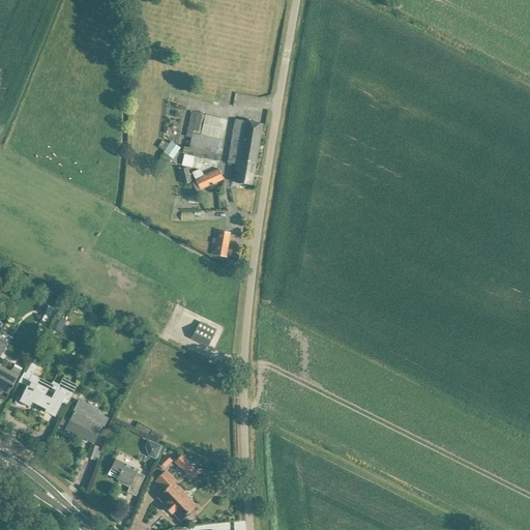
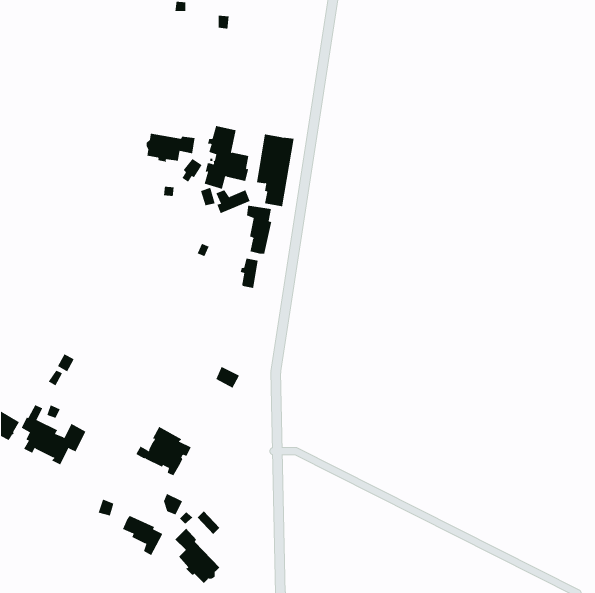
building: none -> [146,133,195,163]
building: none -> [246,205,272,255]
building: [59,398,109,442] -> [136,426,191,476]

